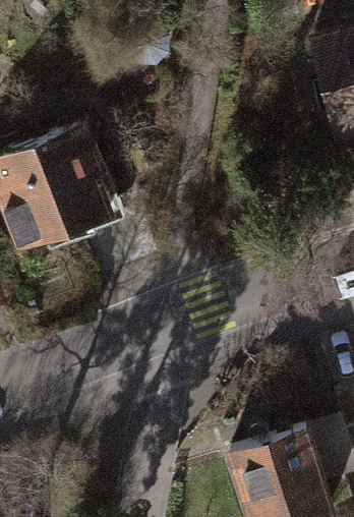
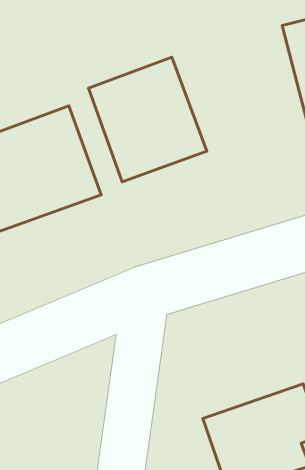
building: none -> [88,57,207,182]

